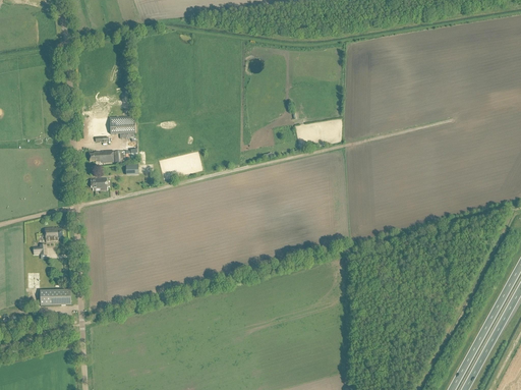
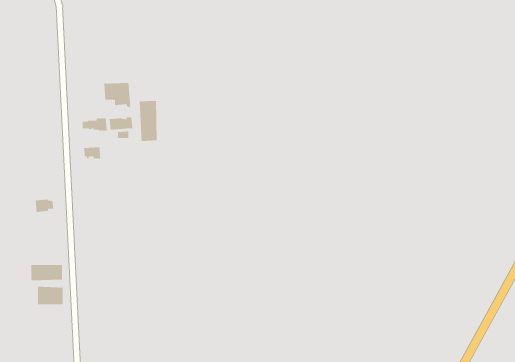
building: none -> [139,100,158,142]
building: none -> [37,286,63,305]

